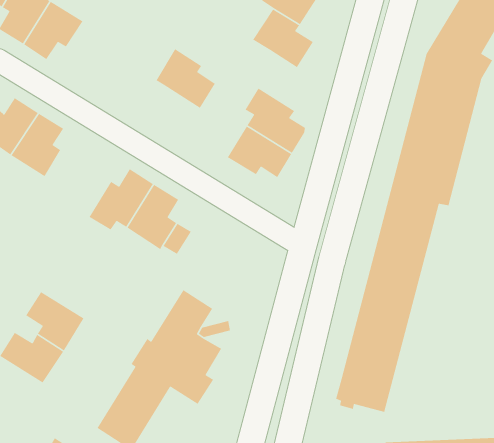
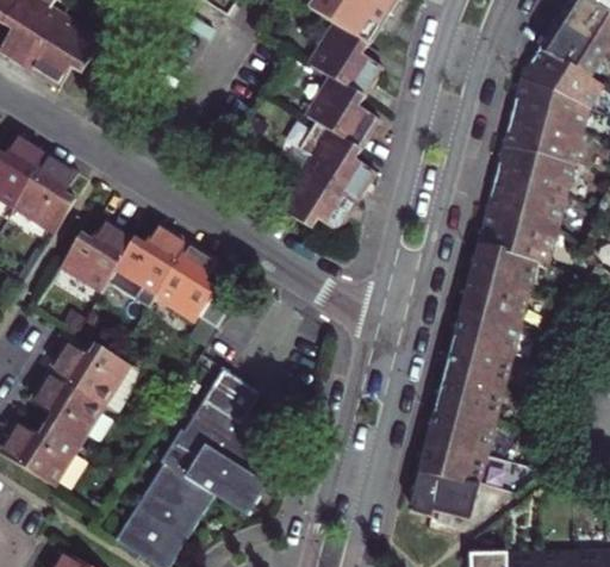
building: [155,48,216,109] -> [306,77,380,151]
building: none -> [60,219,136,291]
building: none -> [50,342,129,405]

